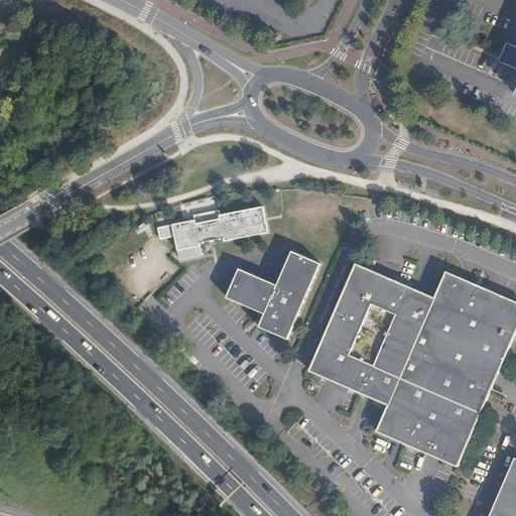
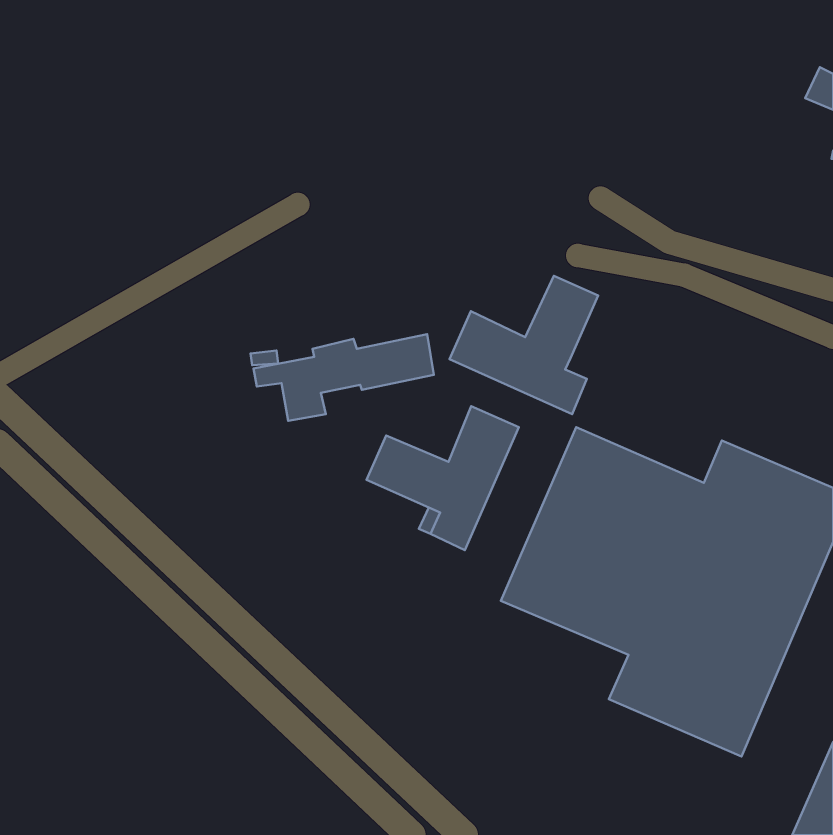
building: none -> [450,276,598,414]

